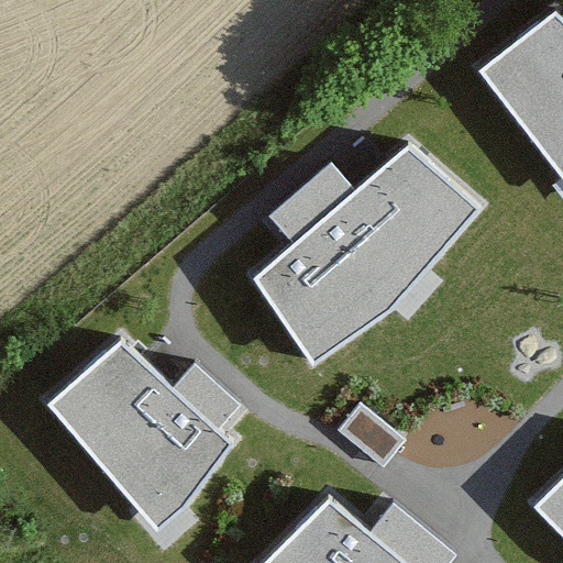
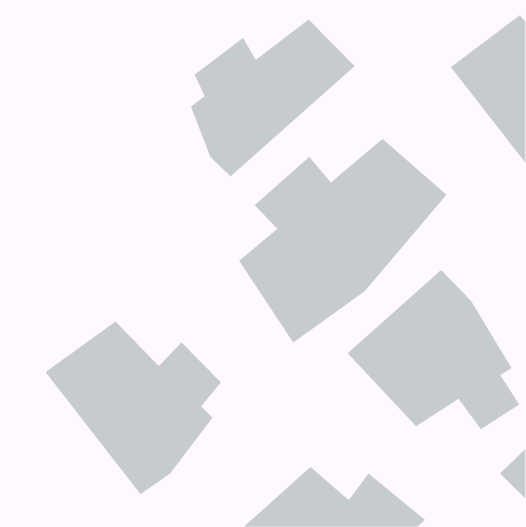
building: none -> [190,19,356,177]
building: none -> [347,269,520,430]

